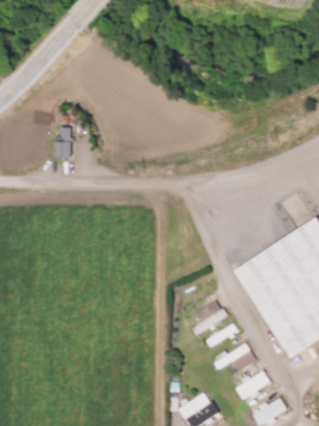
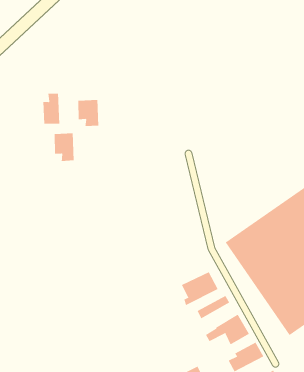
building: none -> [78,99,99,127]
building: none -> [54,132,74,162]

